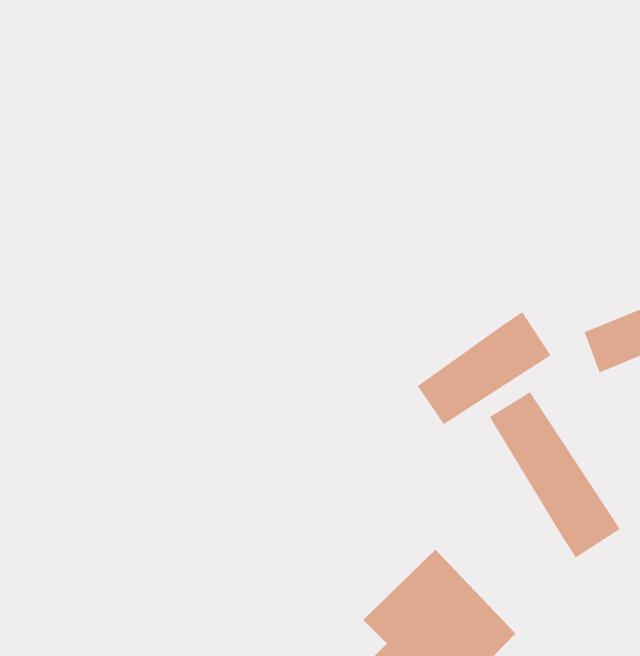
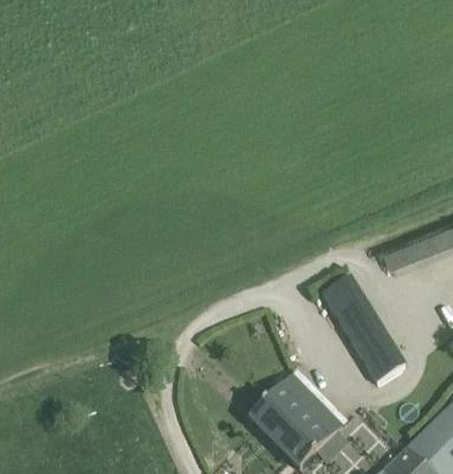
building: [417,311,552,425] -> none

